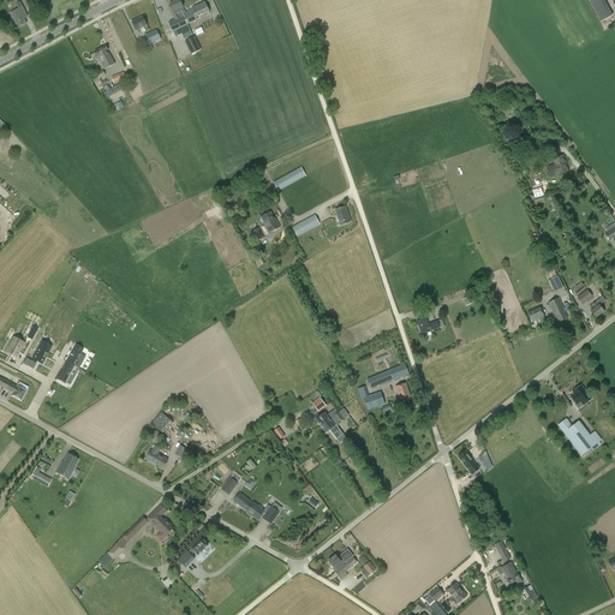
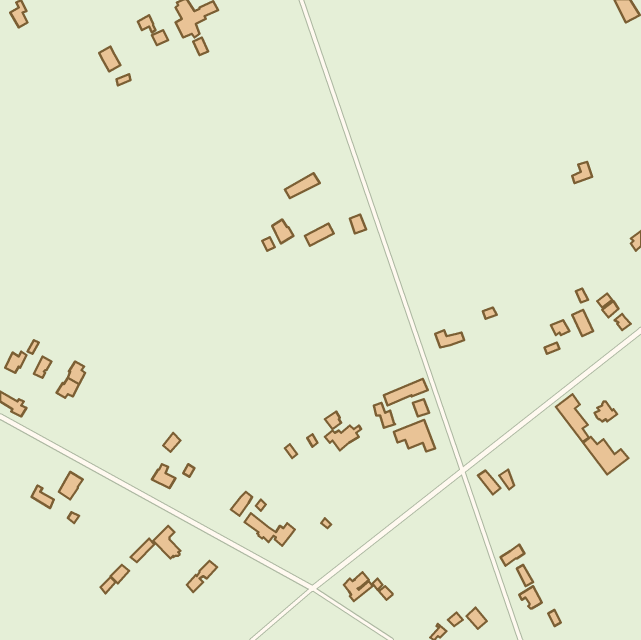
building: none -> [556,394,589,442]
building: none -> [394,420,435,451]

